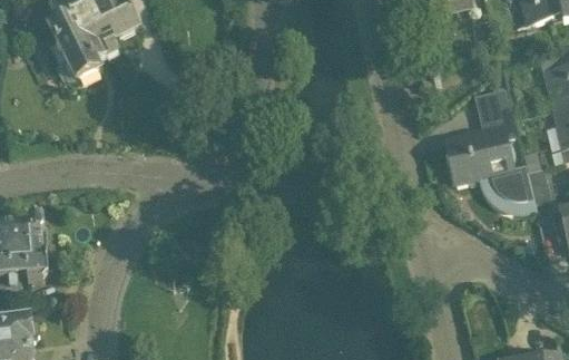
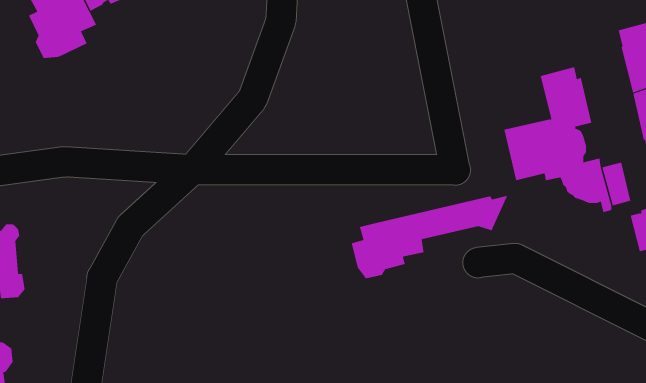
building: none -> [351,195,508,279]

